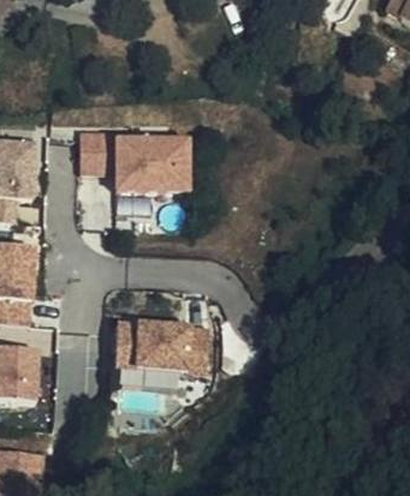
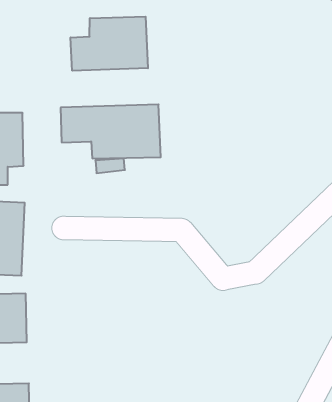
building: none -> [71,17,148,71]
building: [115,319,212,371] -> none

